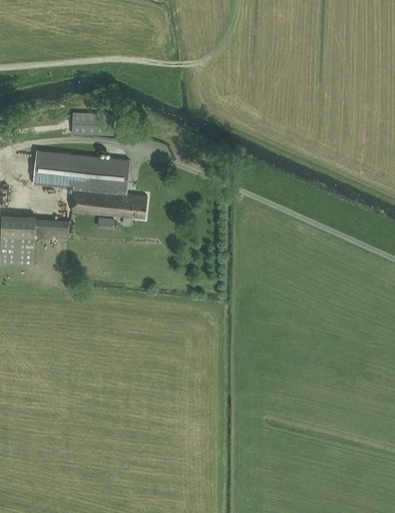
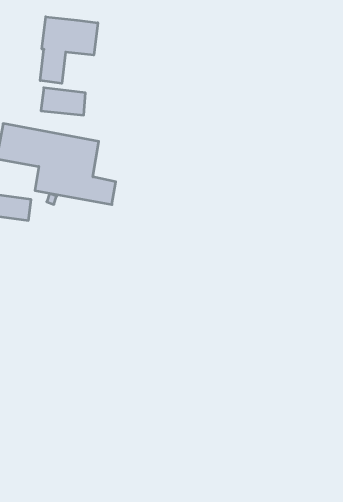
building: none -> [40,17,98,83]

